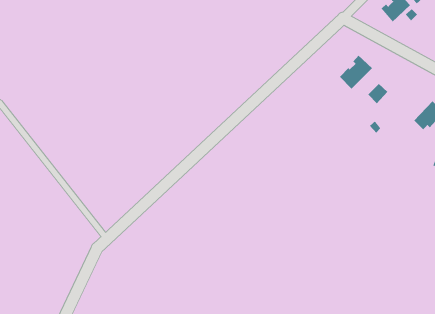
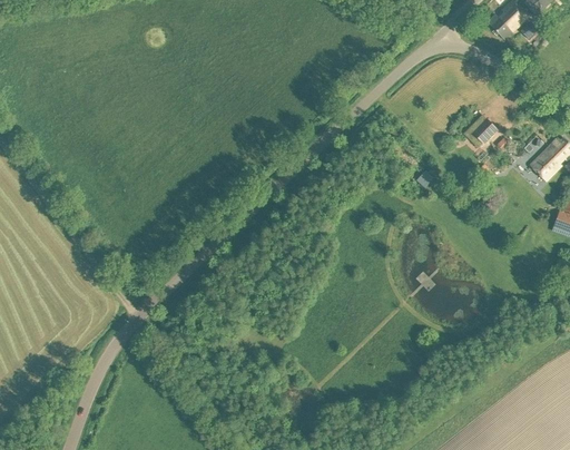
building: [339,55,373,89] -> none

